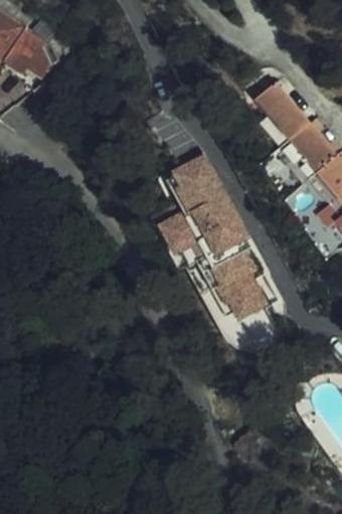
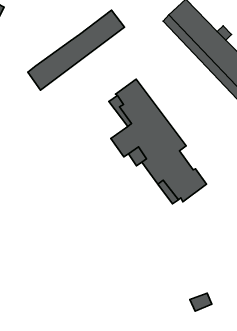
building: none -> [28,10,124,90]

